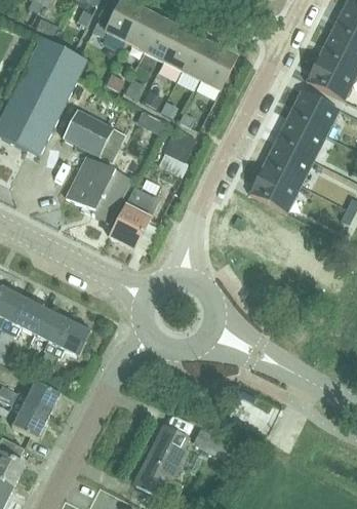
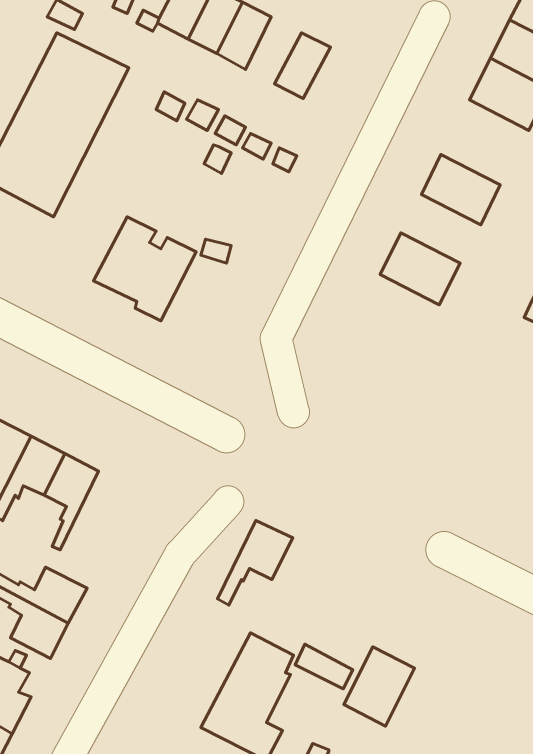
building: [162,27,198,70] -> none
building: [199,46,236,89] -> none
building: [287,89,339,134] -> none
building: [64,109,126,161] -> none
building: [163,127,196,159] -> none
building: [262,141,313,185] -> none
building: [110,186,159,248] -> none
building: [43,318,91,373] -> [218,520,293,605]
building: none -> [344,647,414,726]

